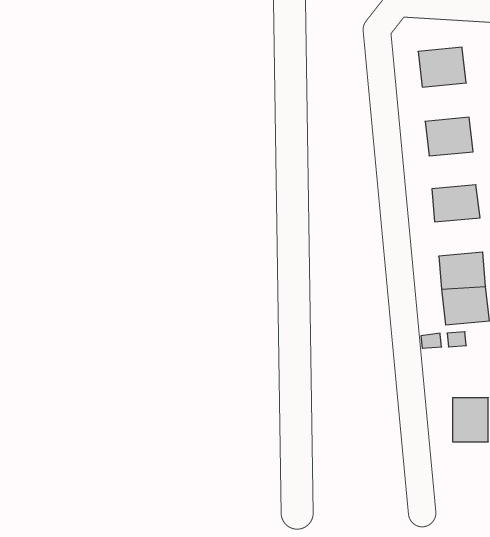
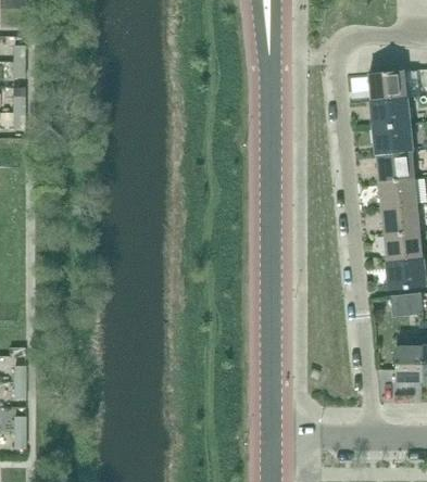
building: none -> [372,98,409,128]
building: none -> [377,152,414,181]
building: none -> [381,204,419,234]

